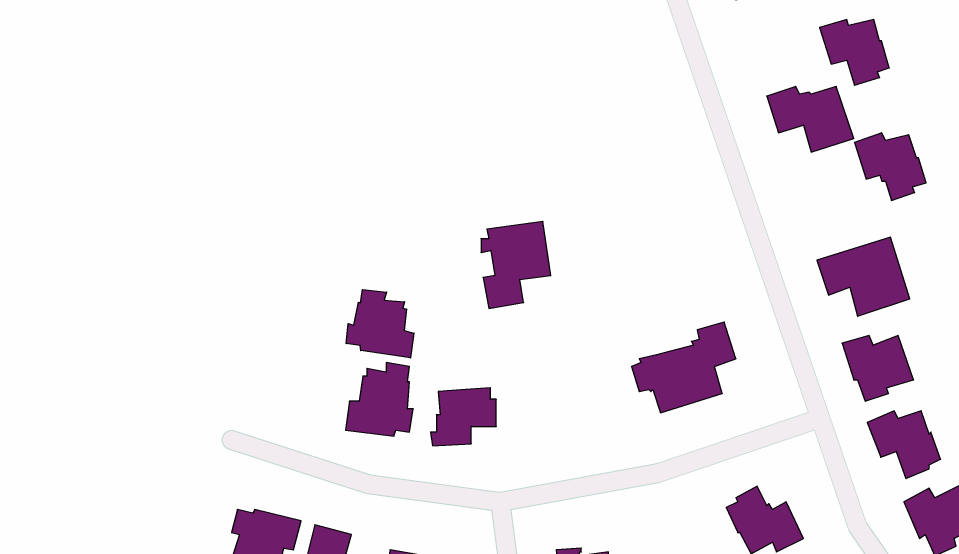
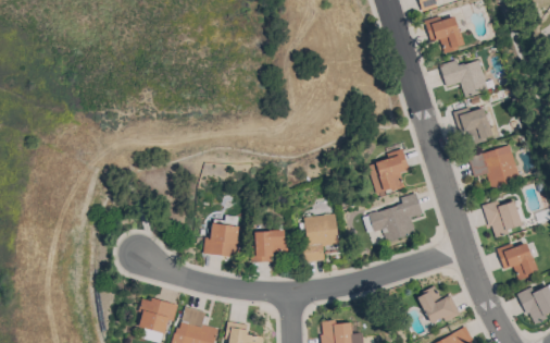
building: [820,20,889,85] -> [425,16,464,53]
building: [855,133,926,200] -> [453,107,493,145]
building: [481,221,551,308] -> [301,213,340,262]
building: none -> [368,147,410,193]
building: [346,290,414,358] -> none

